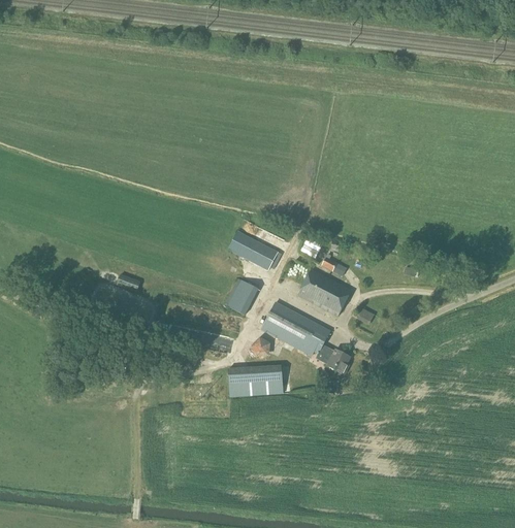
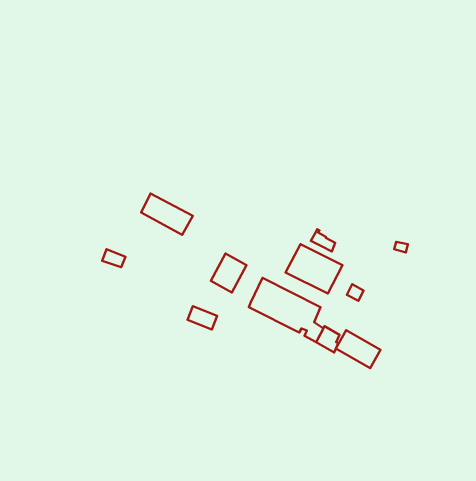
building: [228,230,279,270] -> [141,194,193,235]
building: none -> [336,330,380,368]
building: [227,364,283,396] -> none

